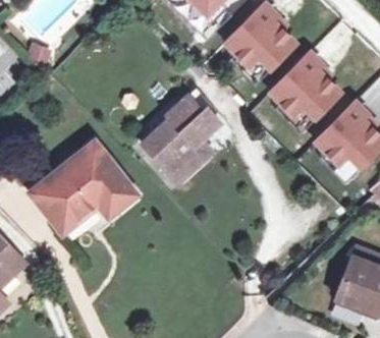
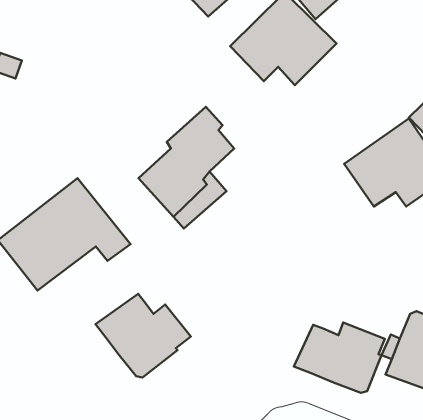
building: [261,49,344,120] -> none
building: none -> [95,294,191,377]
building: none -> [294,323,385,393]

